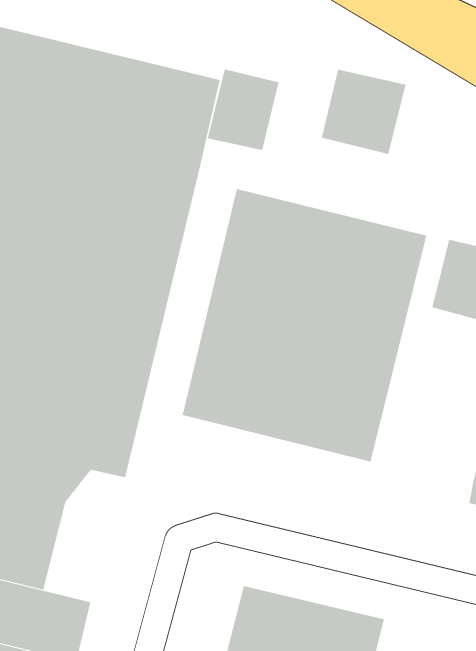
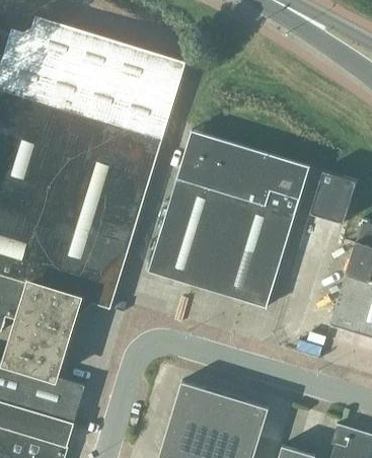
building: [207,68,279,151] -> none
building: [321,69,406,155] -> none

